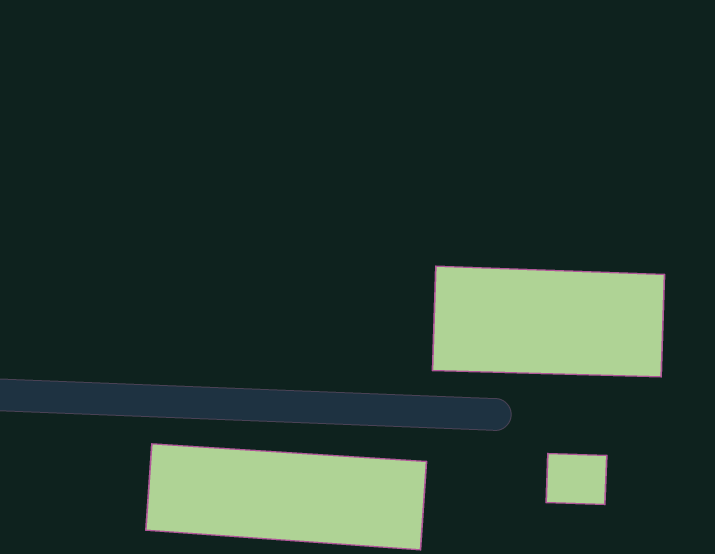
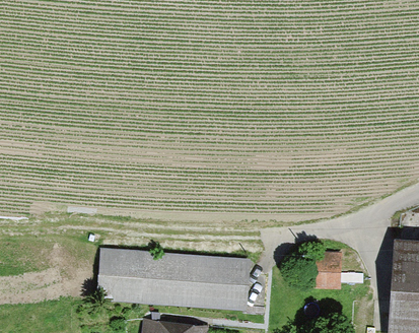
building: [432,266,665,377] -> none

